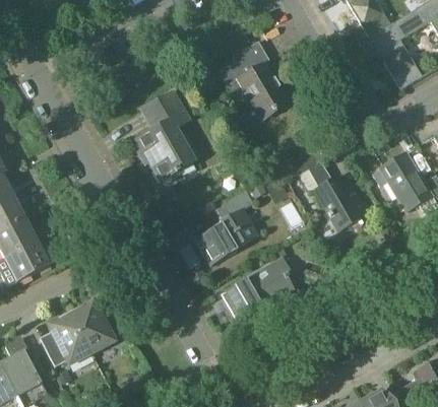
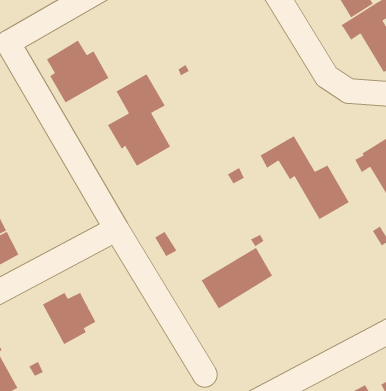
building: [220,41,289,119] -> none
building: none -> [46,40,110,104]
building: [194,189,258,265] -> none
building: [39,313,91,365] -> none

